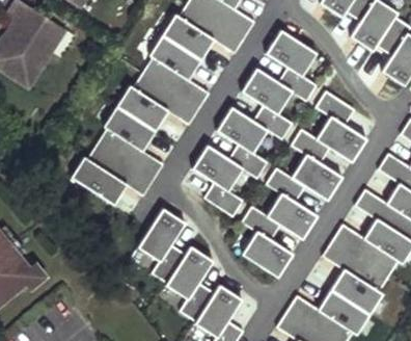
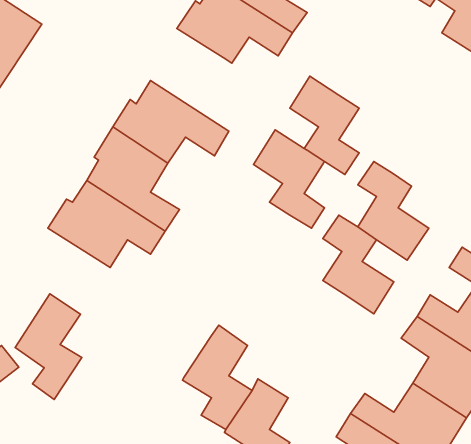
building: [267,30,317,100] -> none
building: [143,33,210,107] -> none
building: [317,91,366,161] -> none
building: [192,145,243,216] -> none
building: [242,206,293,277] -> none
building: [139,208,187,284] -> [15,294,82,400]

